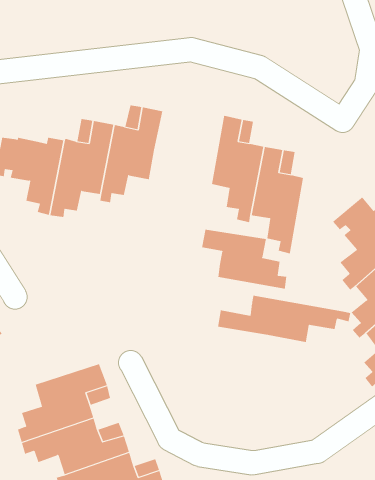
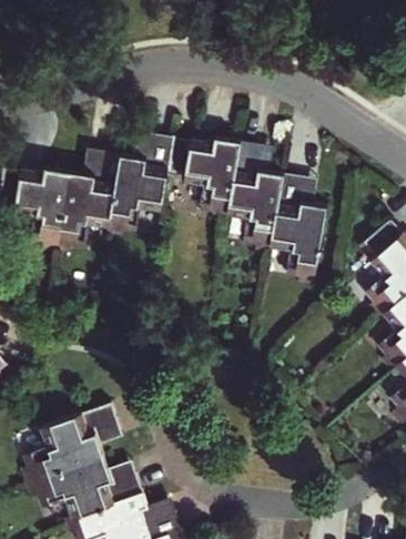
building: none -> [170,135,243,220]
building: [202,229,287,289] -> none
building: [218,295,351,343] -> none

